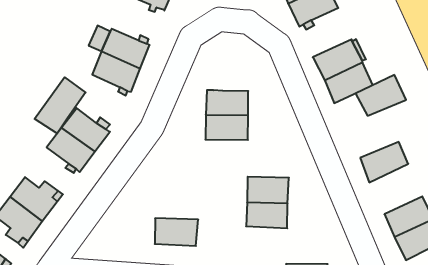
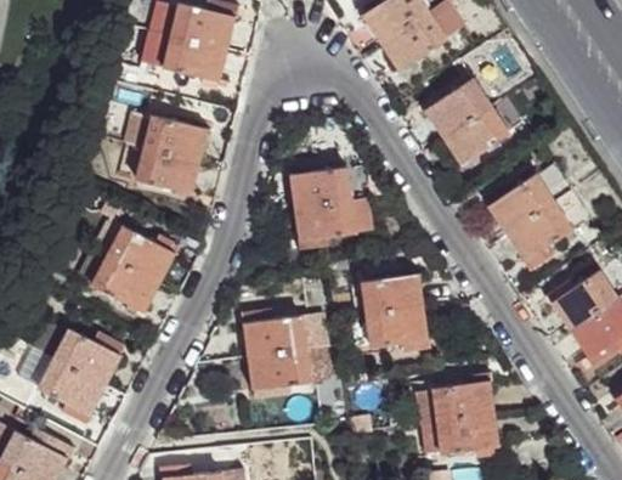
building: [355,75,406,116] -> [487,174,555,233]
building: [35,77,86,134] -> none
building: none -> [247,317,307,356]

